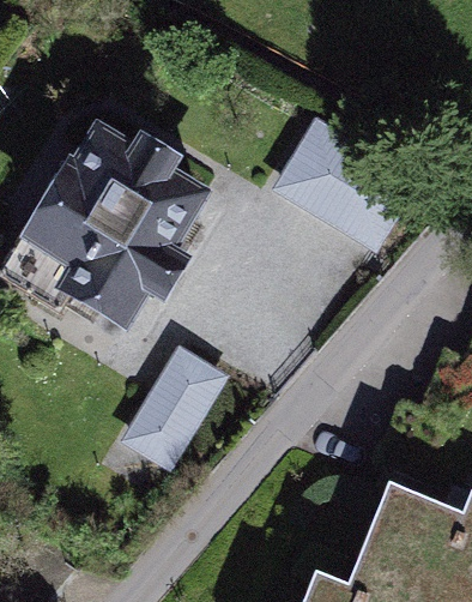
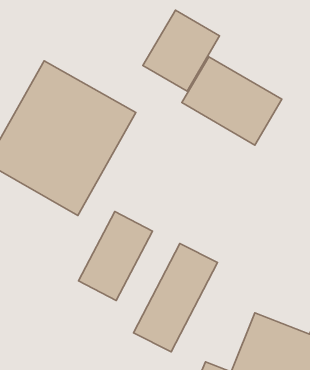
building: none -> [143,10,220,91]
building: none -> [134,243,217,352]

